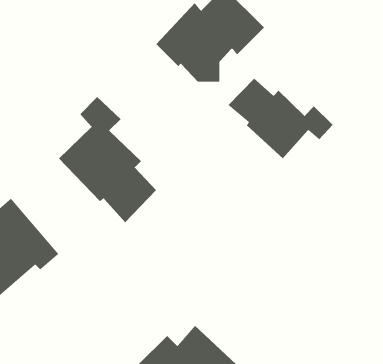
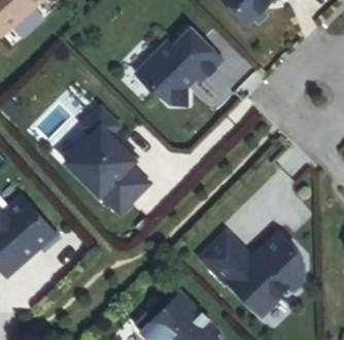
building: [228,78,333,159] -> none
building: none -> [205,233,311,320]

